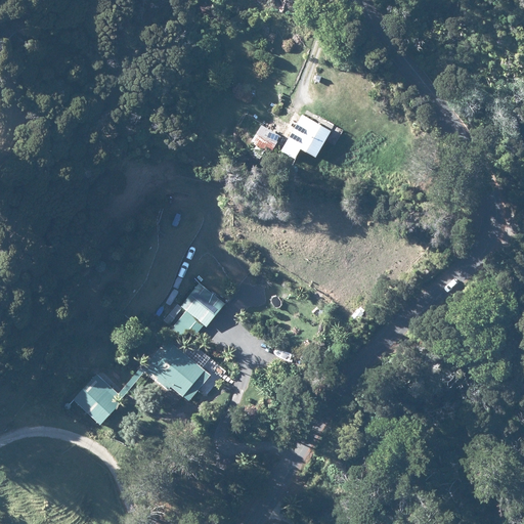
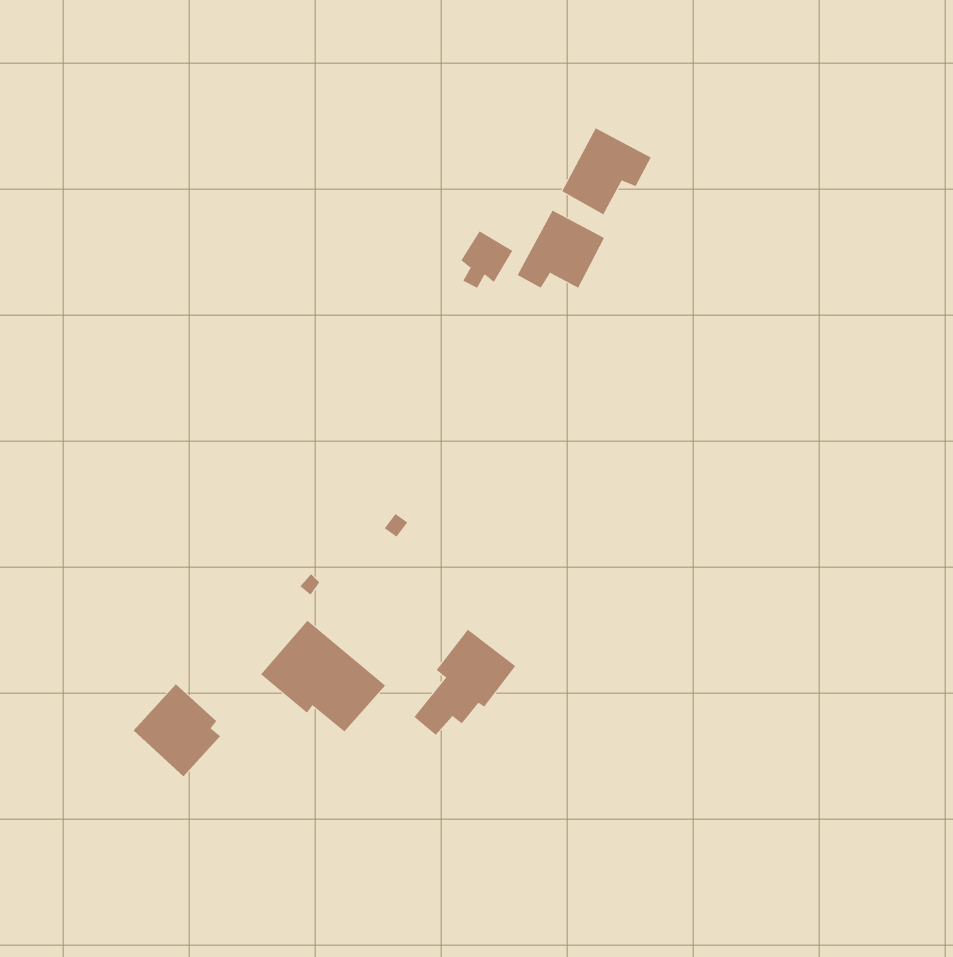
building: none -> [561,128,652,215]
building: [169,283,225,342] -> [413,629,516,735]

